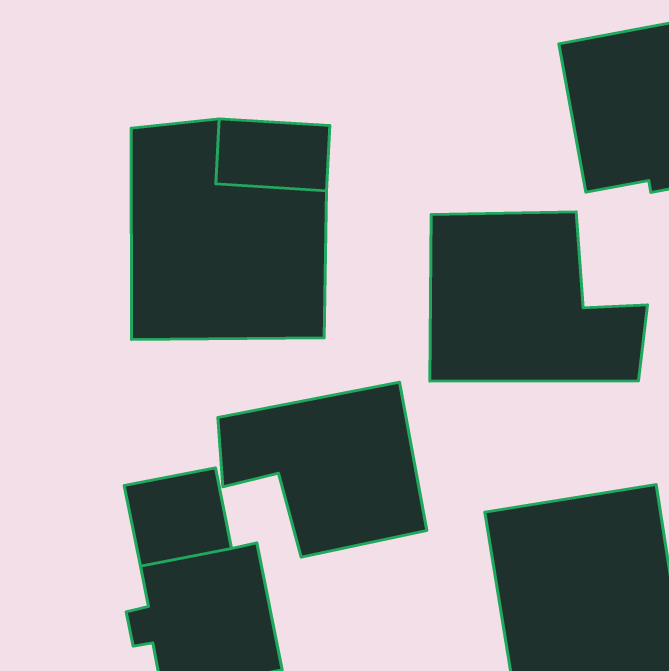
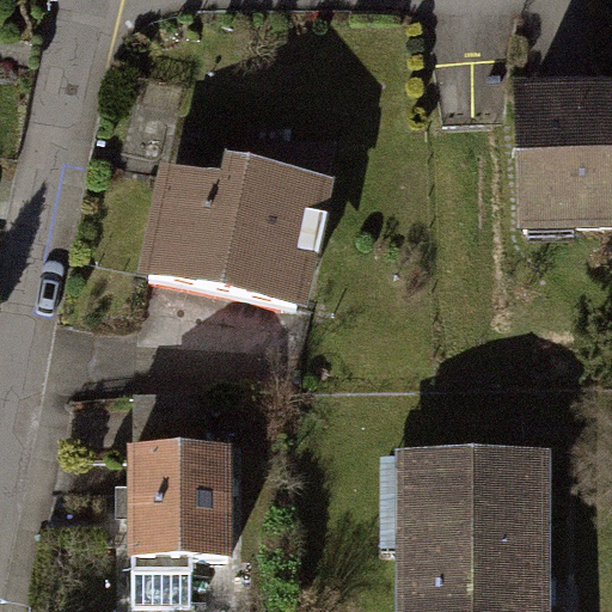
building: [430,212,648,381] -> none
building: [218,382,427,557] -> none

